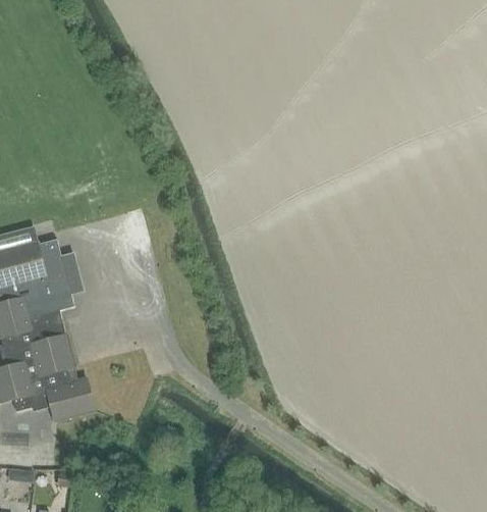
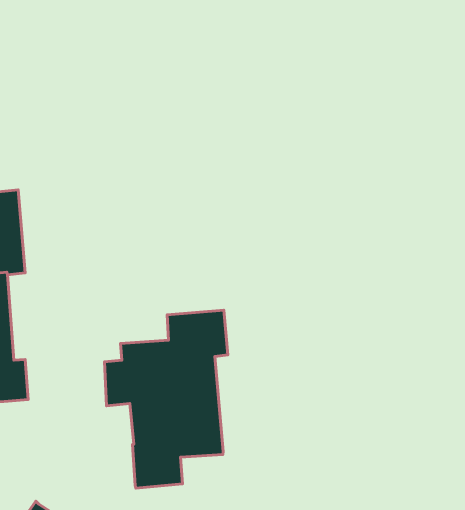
building: none -> [104,310,228,488]

